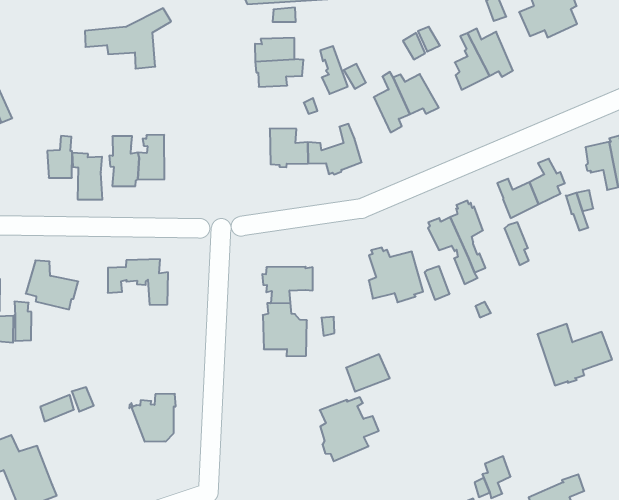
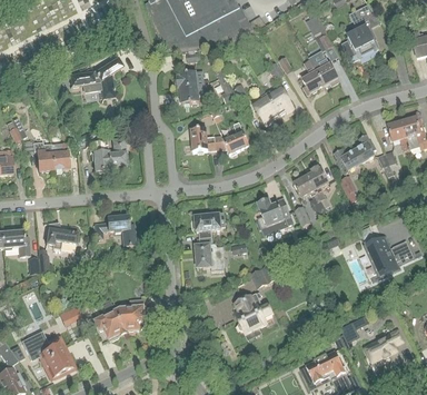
building: [72,153,102,200] -> [33,141,54,170]
building: none -> [96,299,128,339]

